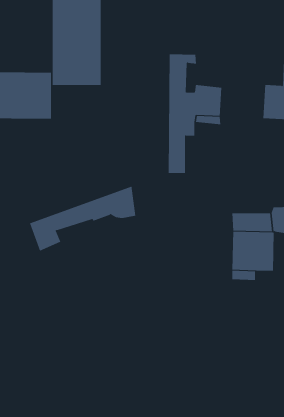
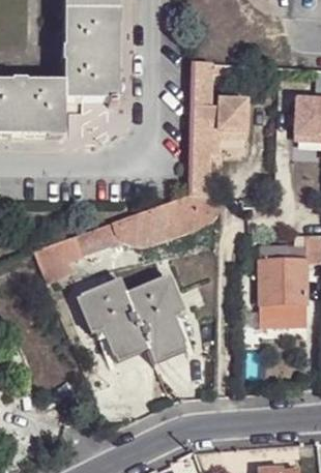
building: none -> [150,197,218,243]
building: none -> [79,273,188,362]

